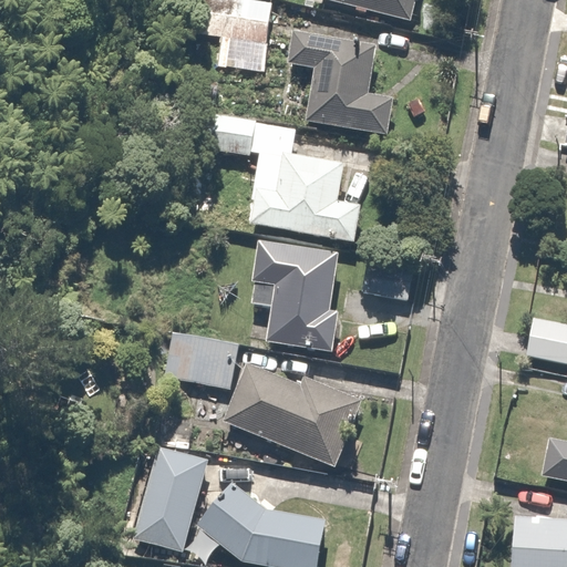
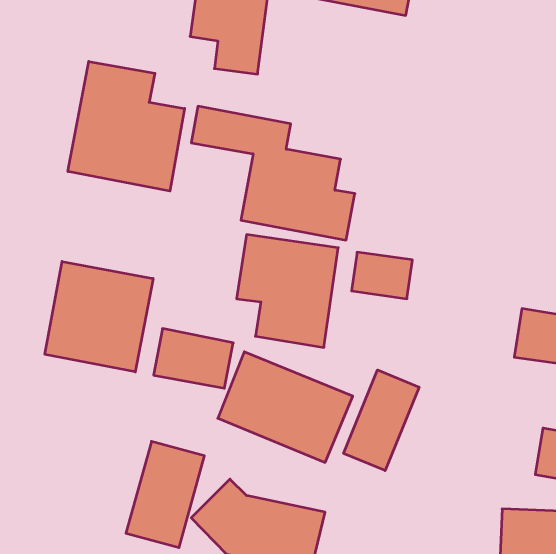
building: [284,27,394,137] -> none
building: none -> [68,61,185,191]
building: none -> [45,261,153,372]
building: none -> [344,370,419,471]

